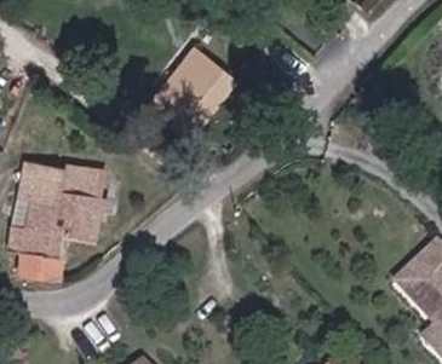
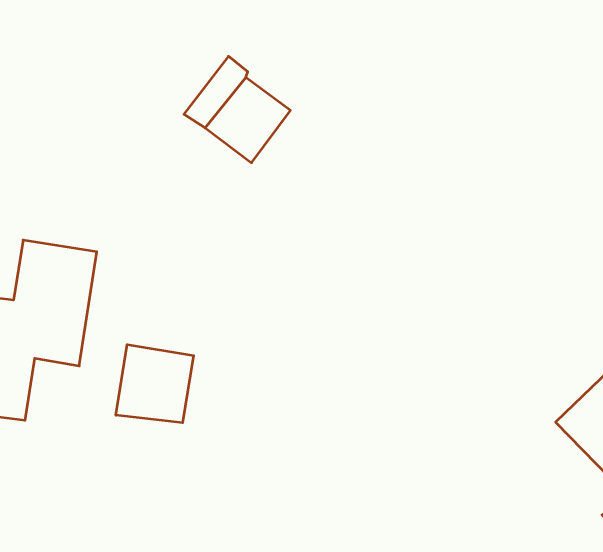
building: none -> [116,345,194,423]

